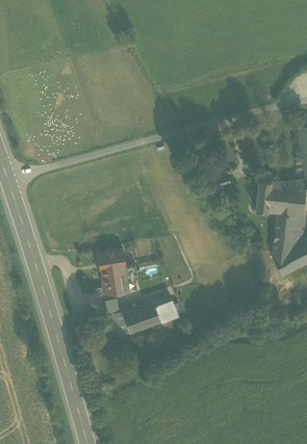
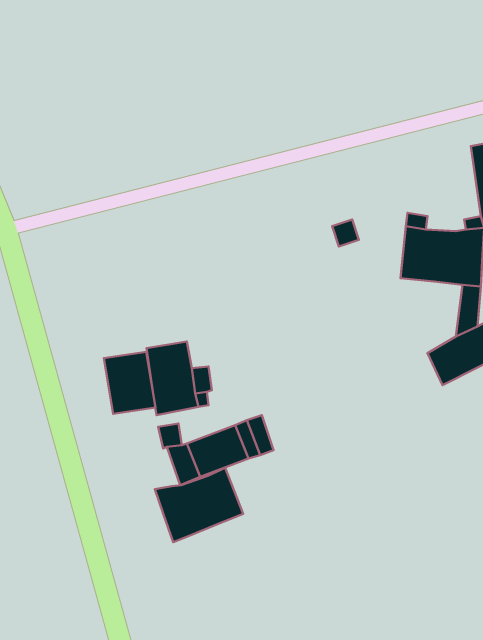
building: [272,211,293,256] -> none
building: none -> [104,352,155,414]
building: none -> [155,468,243,542]

